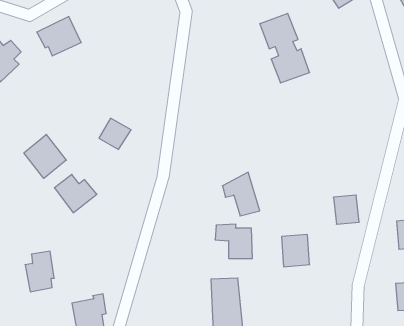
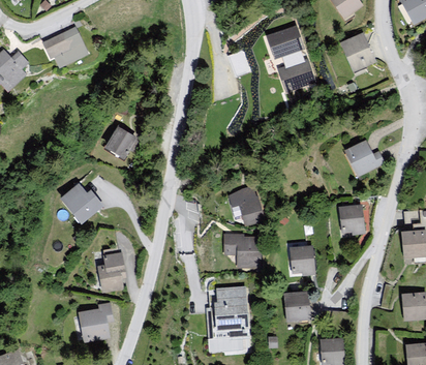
building: none -> [340,35,375,74]
building: none -> [345,140,387,176]
building: [24,134,66,178] -> none
building: [25,251,54,292] -> [97,251,126,292]
building: none -> [283,291,310,321]

